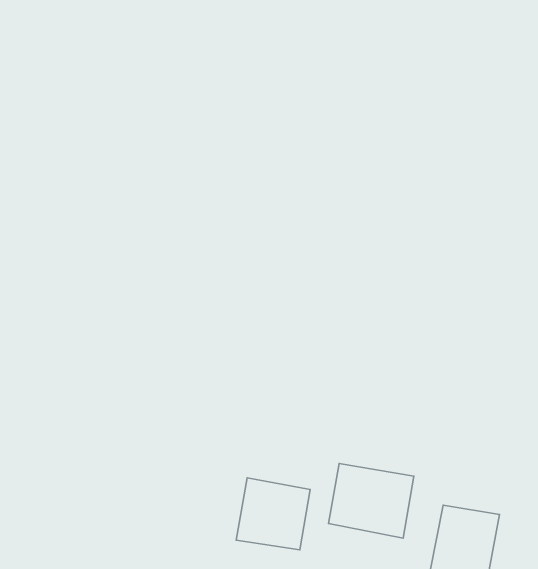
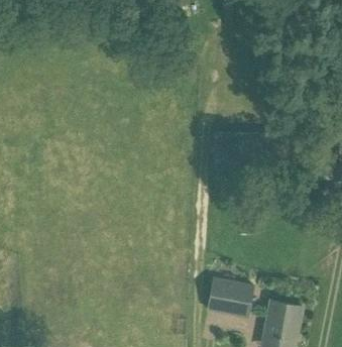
building: [236,478,310,550] -> none

